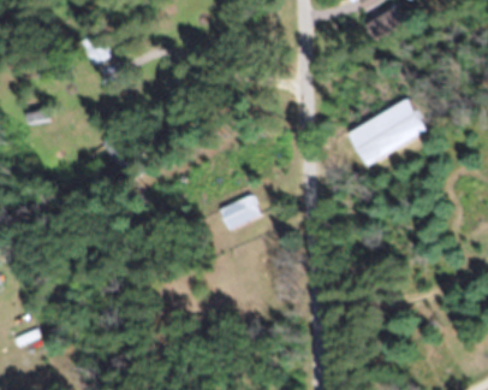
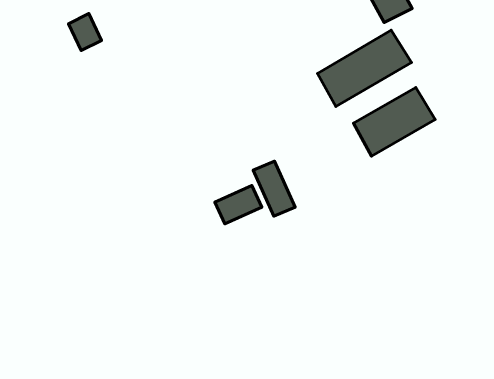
building: none -> [317,30,411,106]
building: none -> [253,161,295,216]

